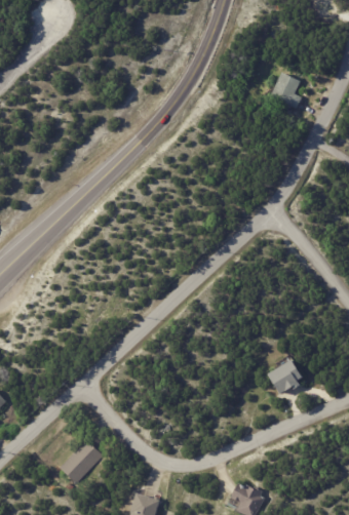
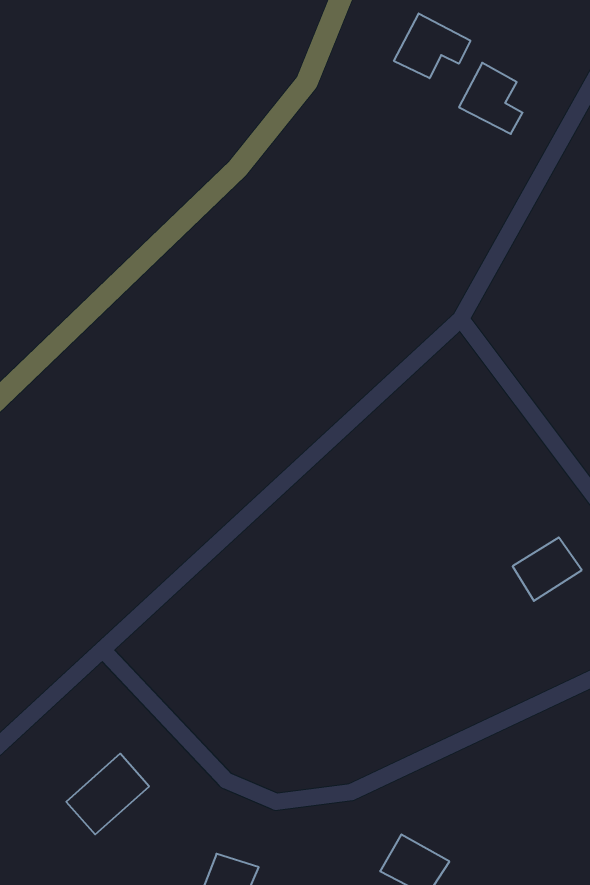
building: none -> [394,13,470,78]
building: [268,361,305,395] -> [513,537,582,601]

